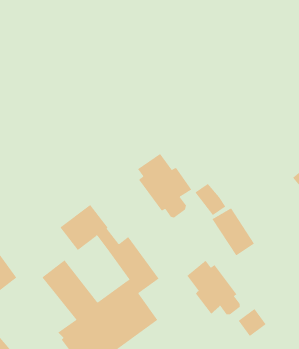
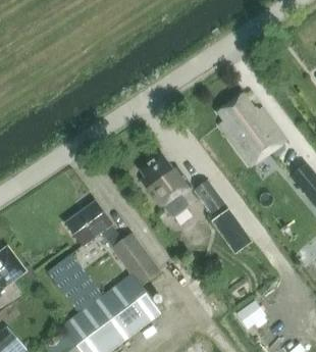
building: none -> [220,93,286,166]
building: [187,260,240,315] -> none

